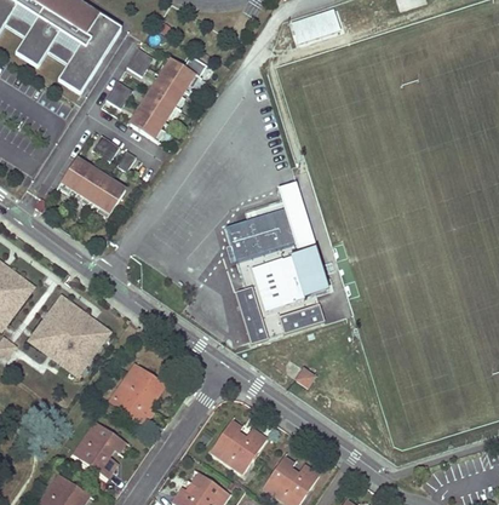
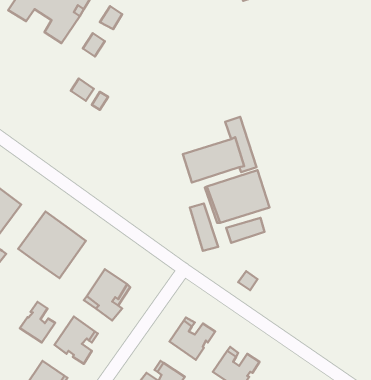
building: [130,58,201,143] -> none
building: [58,157,126,217] -> none
building: none -> [20,302,55,342]

